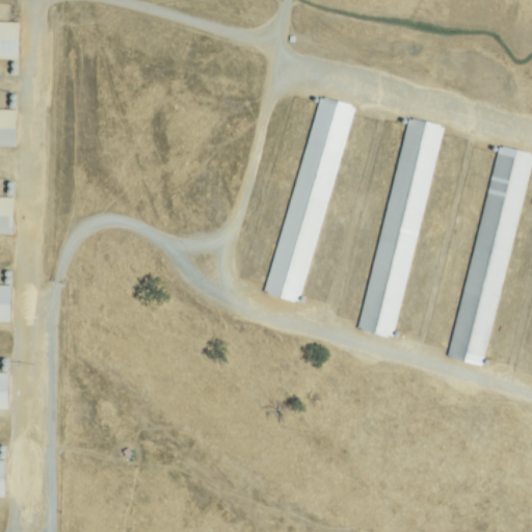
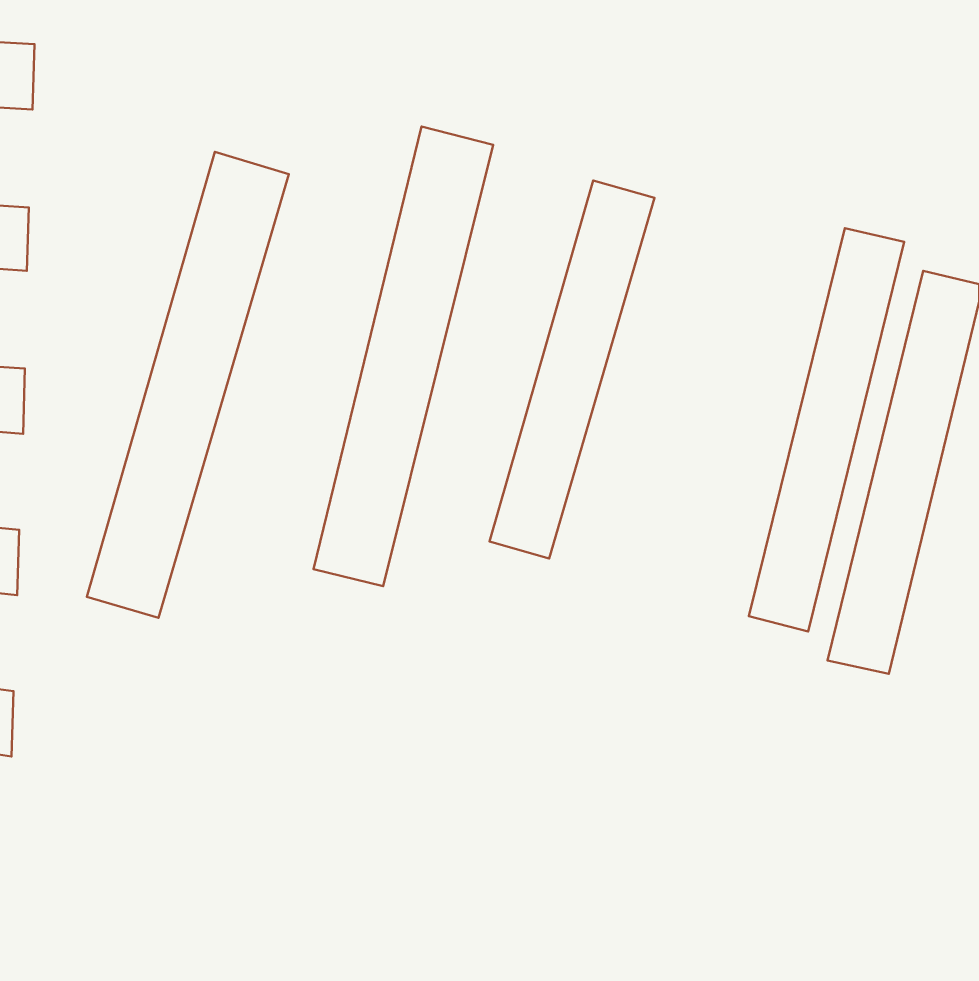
building: none -> [313,127,493,586]
building: none -> [87,152,289,618]
building: [358,119,443,338] -> [749,228,904,631]

